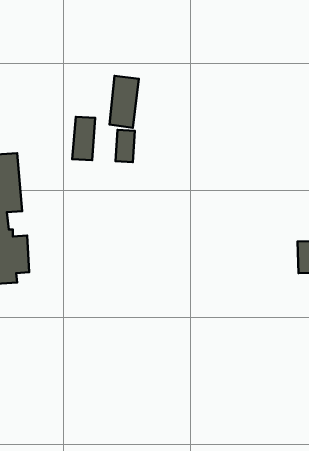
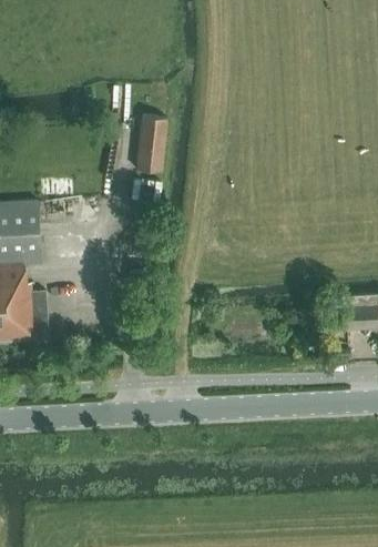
building: [72,117,95,160] -> none

